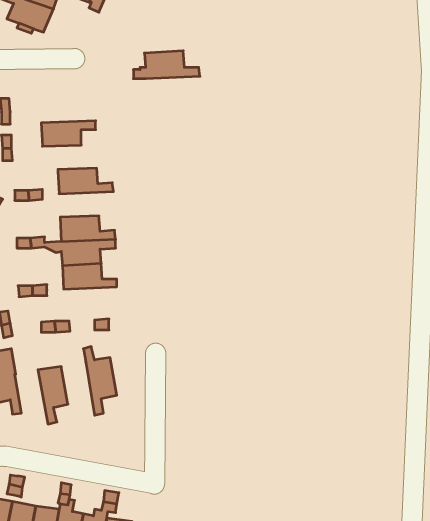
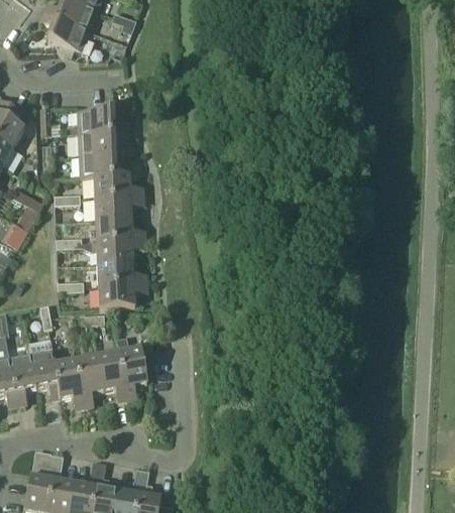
building: [133,51,200,79] -> [67,109,127,134]
building: none -> [79,154,128,178]
building: none -> [94,197,143,220]
building: none -> [98,283,147,308]
building: none -> [96,352,126,401]
building: none -> [53,359,84,409]

